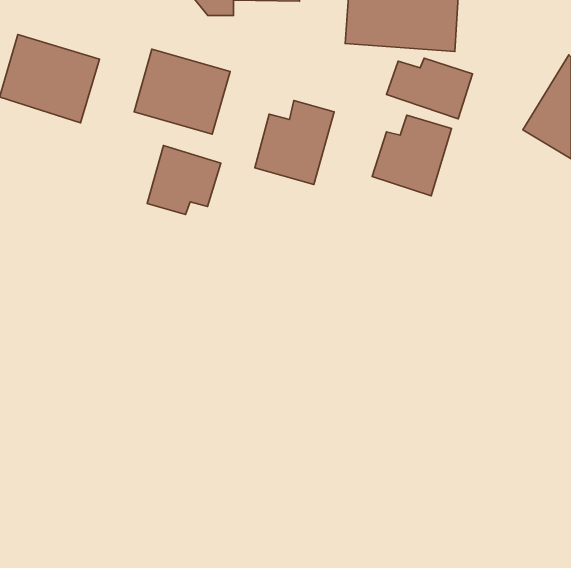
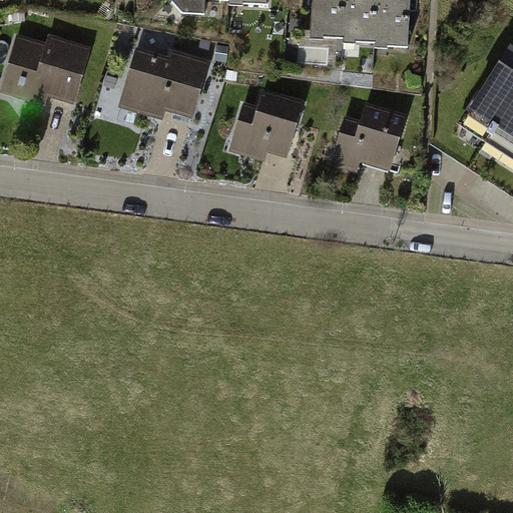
building: [387,58,473,119] -> none
building: [147,145,221,214] -> none

